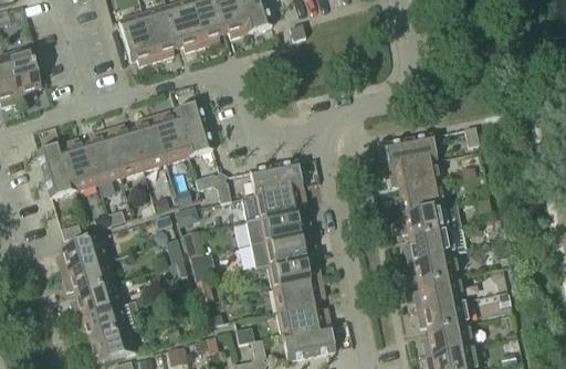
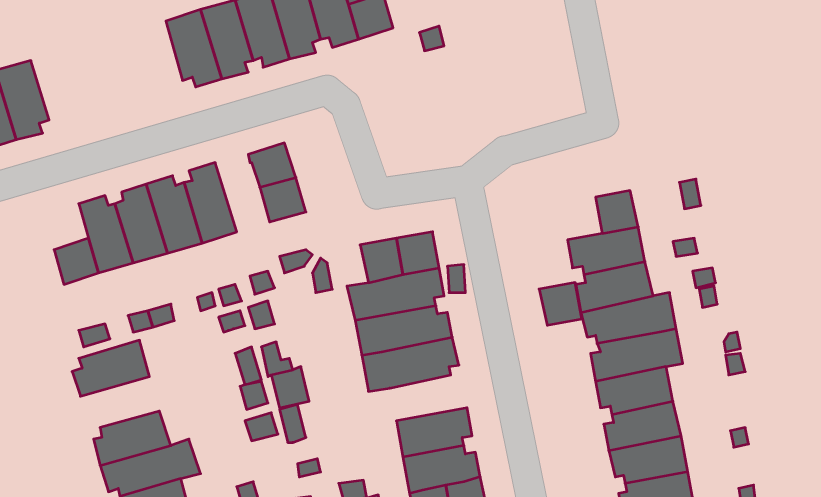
building: [151,113,188,164] -> none
building: [382,140,411,169] -> [539,283,582,325]
building: [35,145,66,176] -> none
building: [269,260,321,291] -> none
building: [61,261,114,295] -> none

